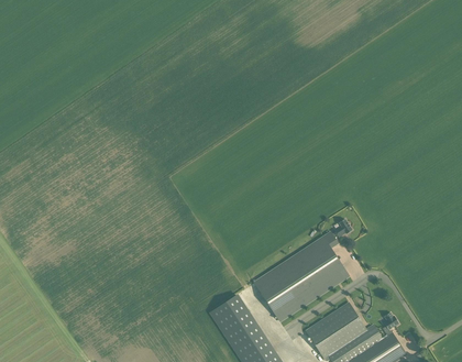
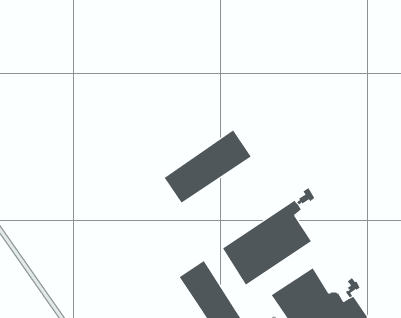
building: none -> [164,129,251,204]

